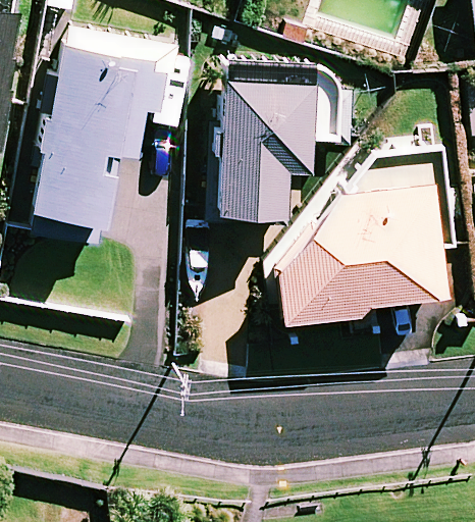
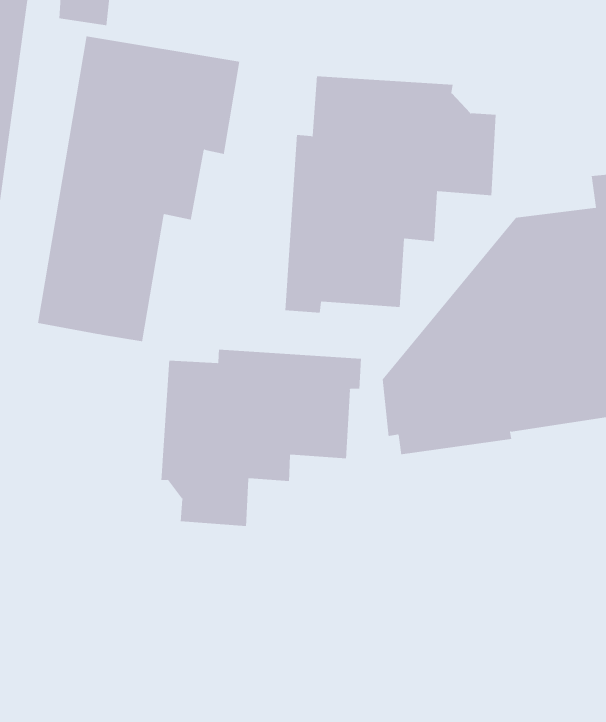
building: none -> [161,349,361,527]

